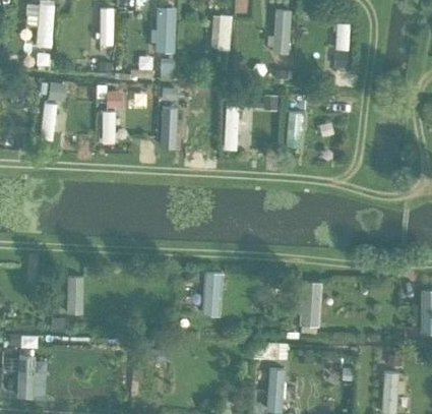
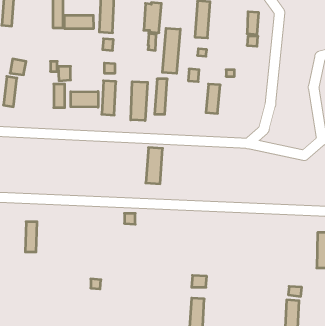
building: none -> [64,15,93,29]
building: none -> [162,28,180,73]
building: none -> [131,82,148,121]
building: none -> [71,91,98,107]
building: [200,274,221,317] -> [146,148,163,184]
building: [299,280,320,323] -> none

